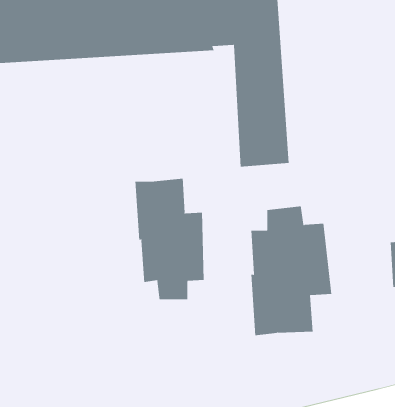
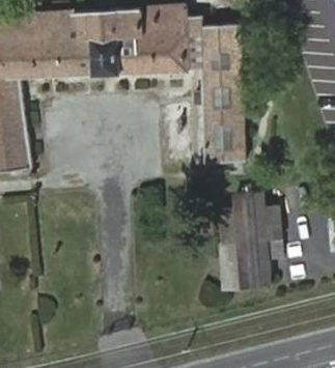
building: [135,178,204,300] -> none

